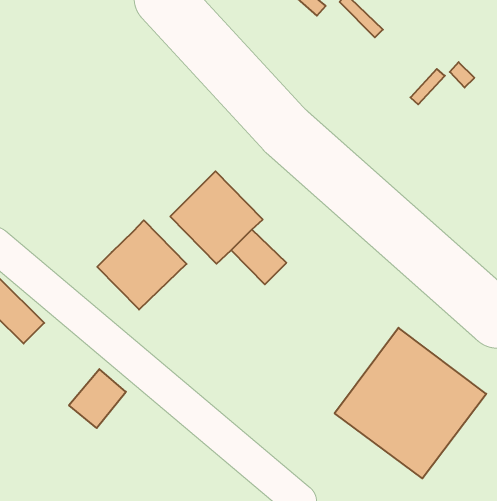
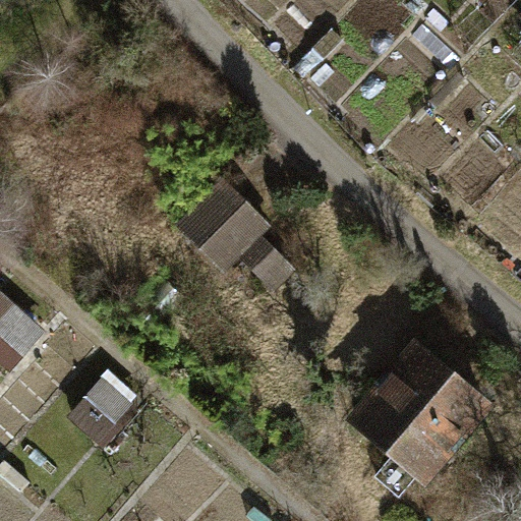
building: [97,220,187,310] -> none

